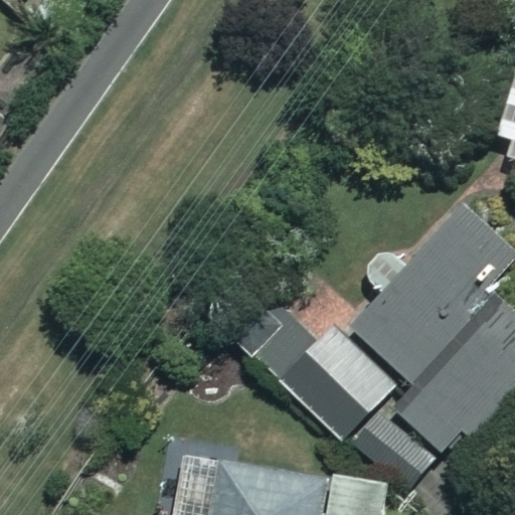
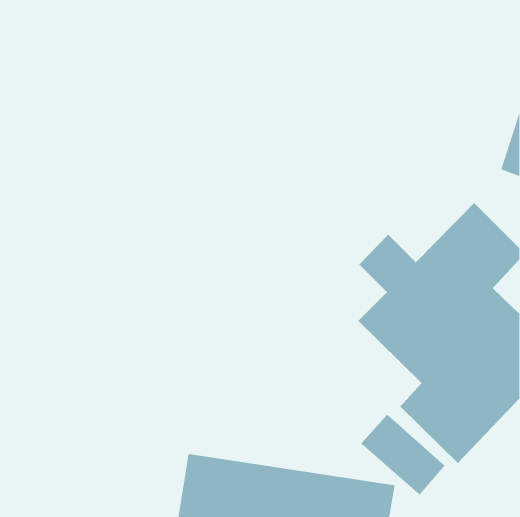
building: [231,300,391,440] -> none

